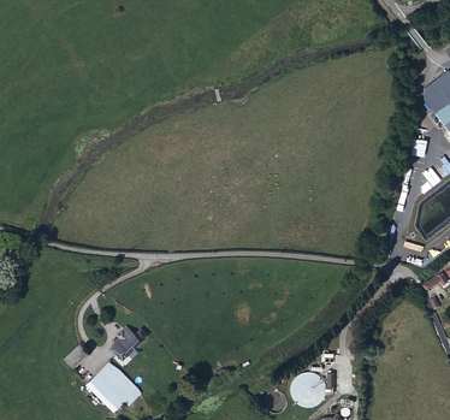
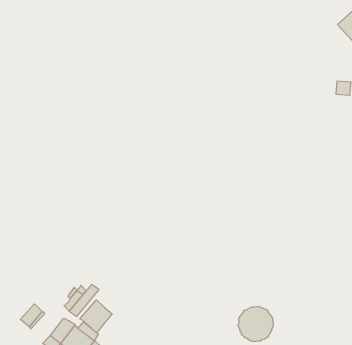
building: none -> [80,300,112,333]

